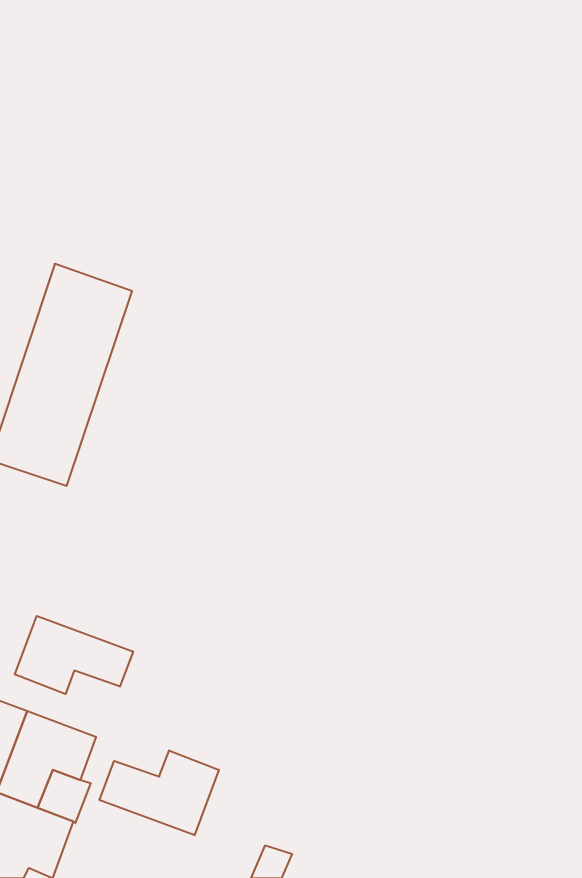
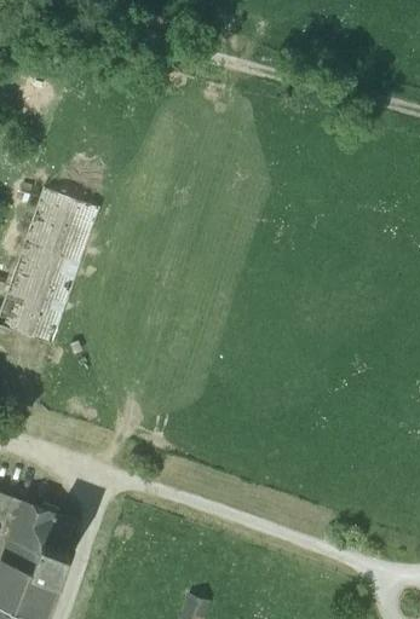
building: [15,616,133,694] -> none
building: [100,750,219,835] -> none

